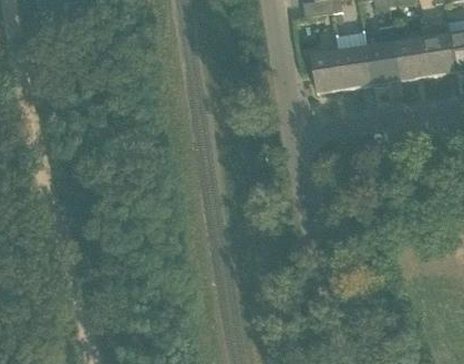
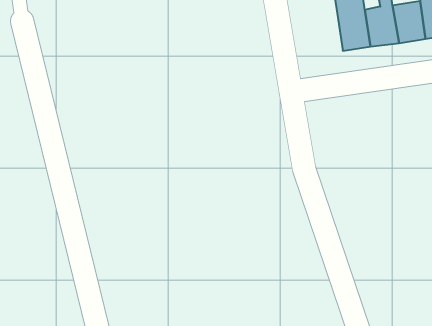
building: [311,50,346,92] -> none

